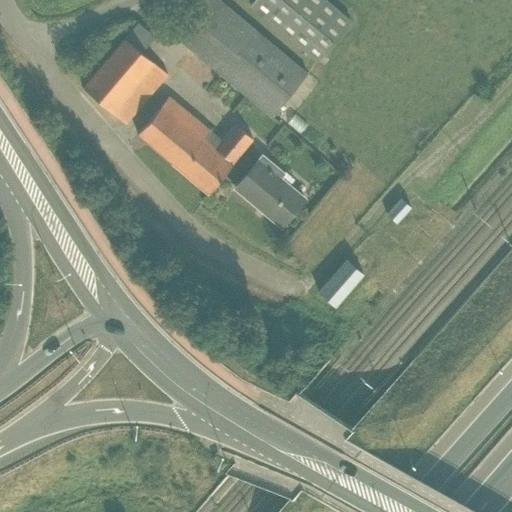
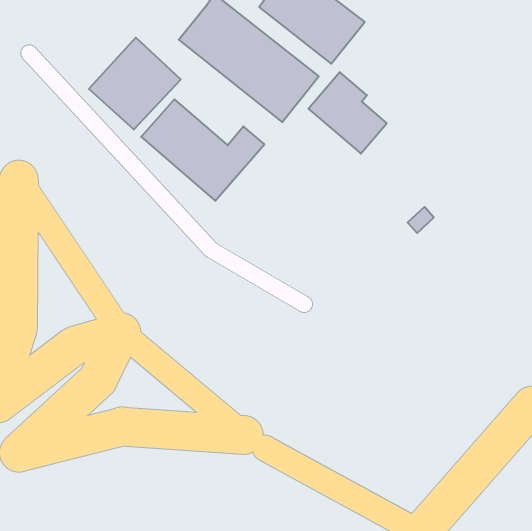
building: [235,151,310,229] -> [308,72,387,154]
building: [322,258,369,305] -> none

